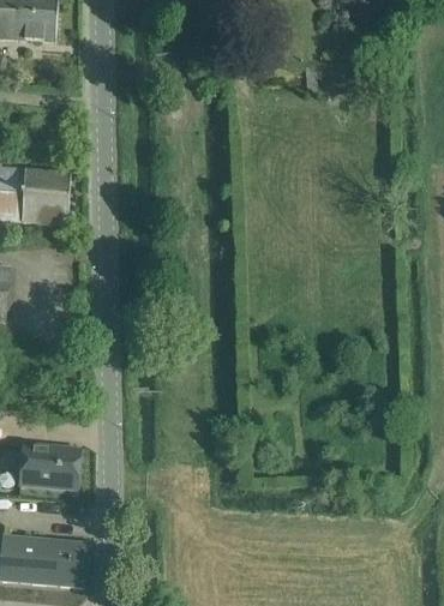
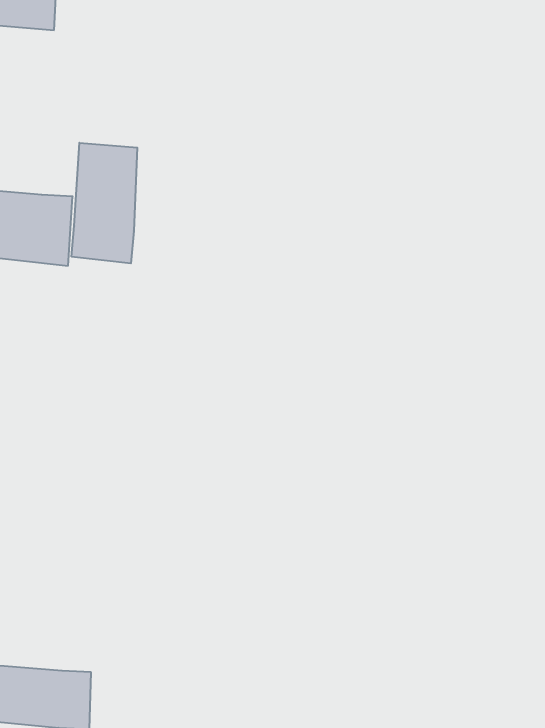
building: none -> [72,143,137,263]
building: [19,445,79,488] -> none

